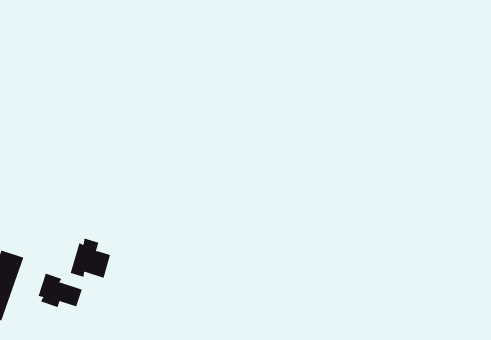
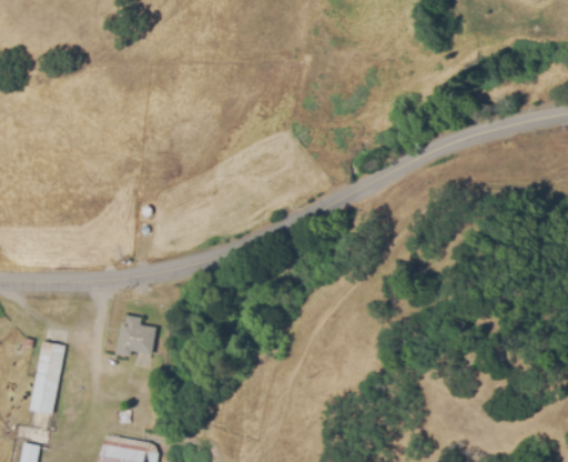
building: [38,273,83,308] -> none

